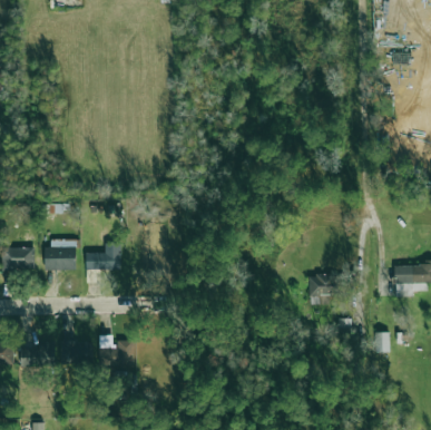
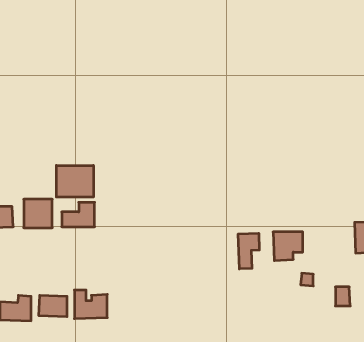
building: none -> [56,165,93,197]
building: none -> [238,233,259,269]

